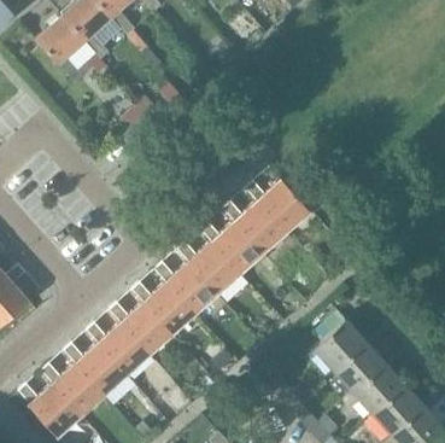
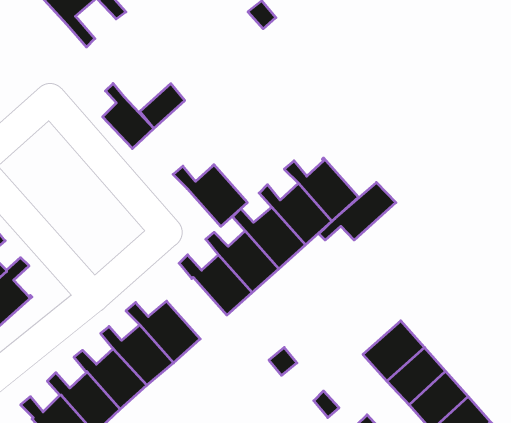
building: none -> [103,83,154,149]
building: none -> [319,182,396,240]
building: [133,281,197,334] -> [173,165,247,226]

